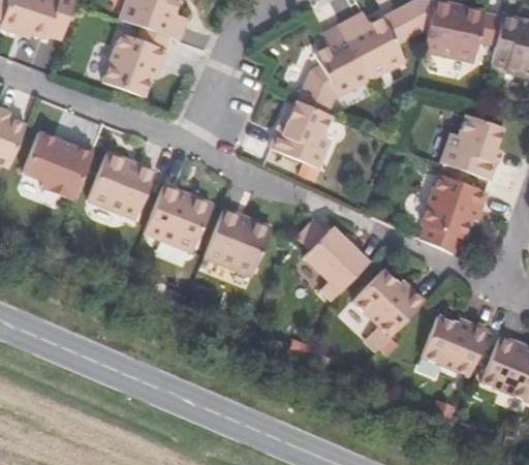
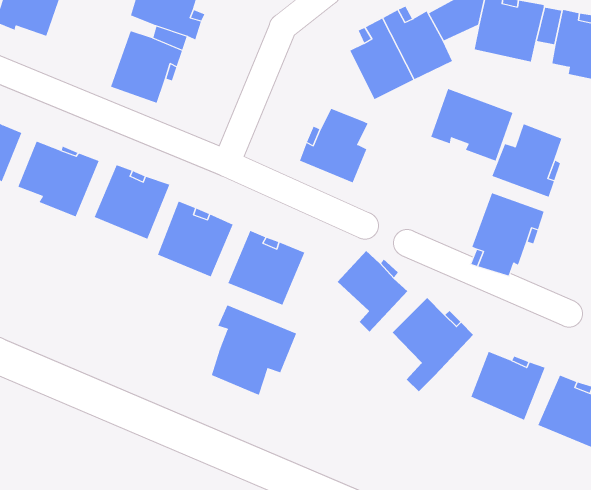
building: [298,64,336,115] -> none
building: none -> [431,88,513,161]
building: none -> [211,305,297,395]

